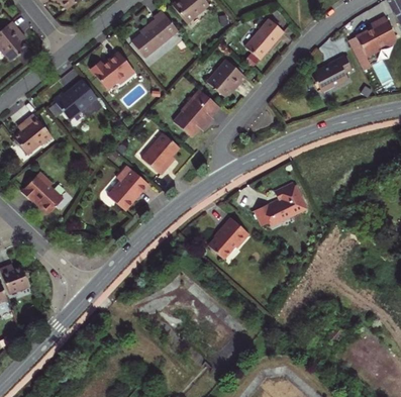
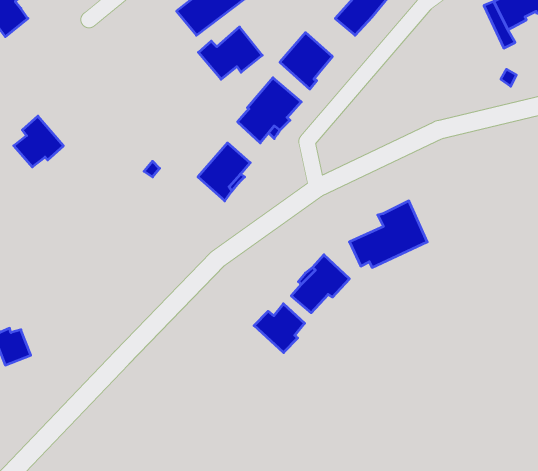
building: [90,51,135,88] -> [198,27,262,79]
building: [311,53,352,90] -> none
building: [51,80,102,122] -> none
building: [107,163,148,207] -> none
building: [18,172,59,212] -> none
building: none -> [254,304,305,353]

